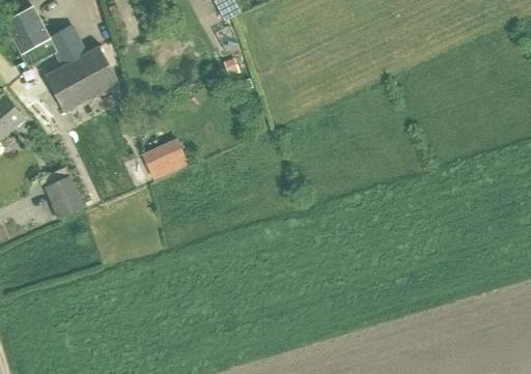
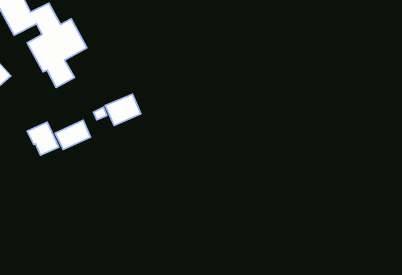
building: none -> [55,120,90,150]

